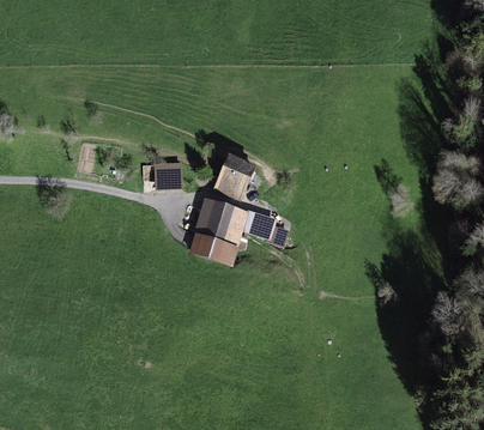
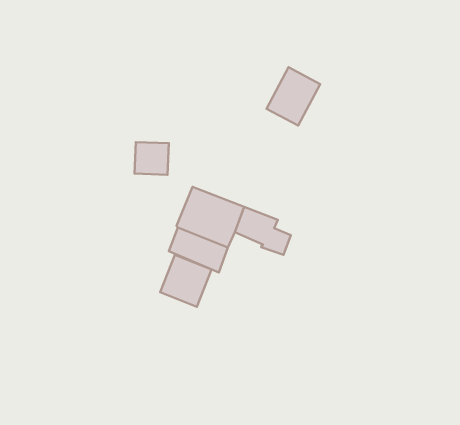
building: [213,153,256,201] -> [267,67,320,126]
building: none -> [160,255,212,307]

